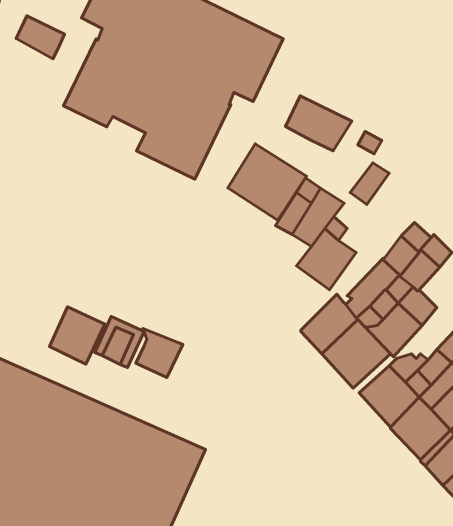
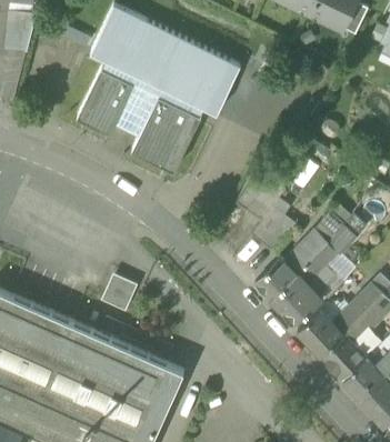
building: [16,16,65,59] -> none
building: [285,96,352,151] -> none
building: [228,144,306,220] -> none
building: [50,307,105,364] -> none
building: [136,329,183,377] -> none

